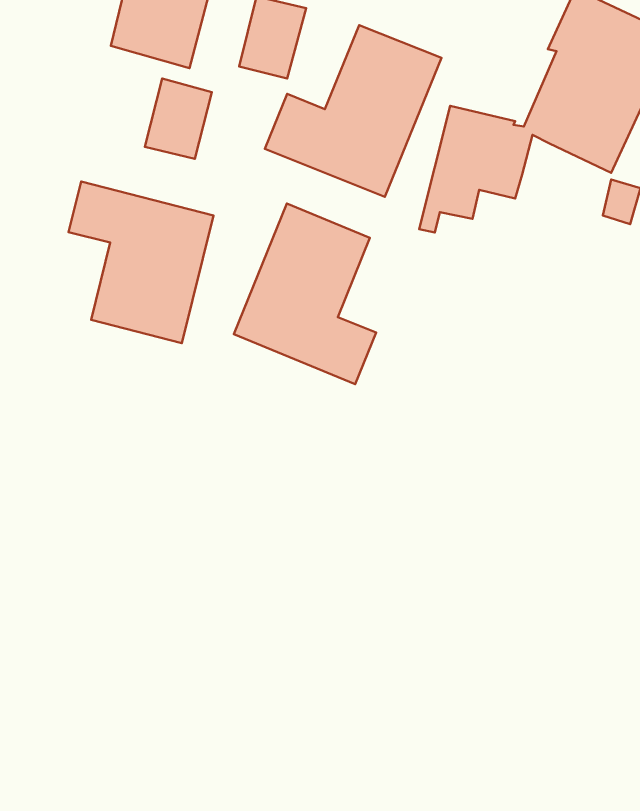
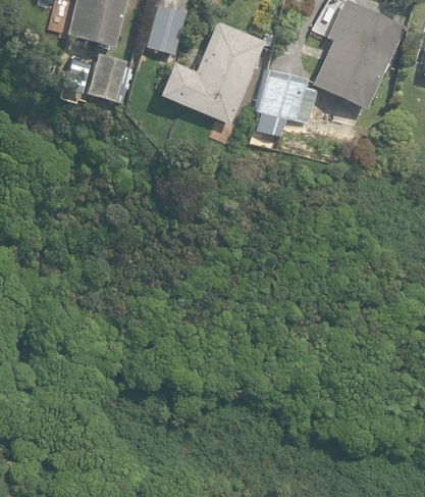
building: [68,182,214,343] -> none
building: [234,203,376,384] -> none

